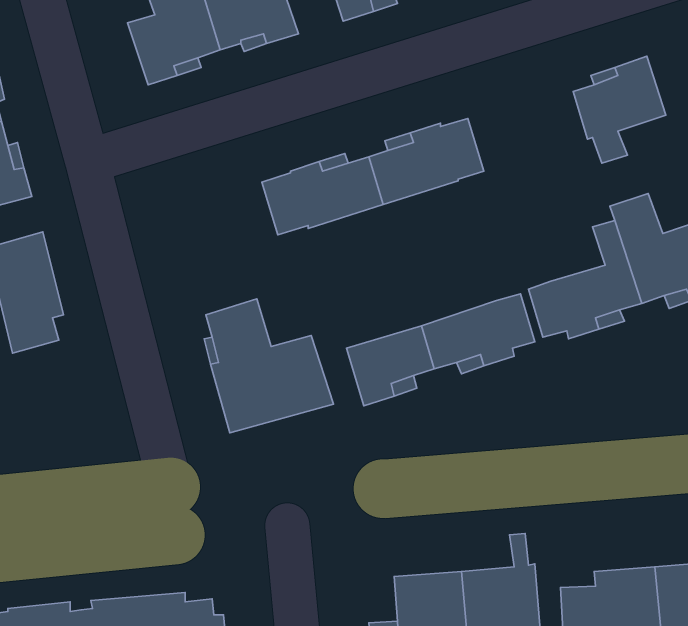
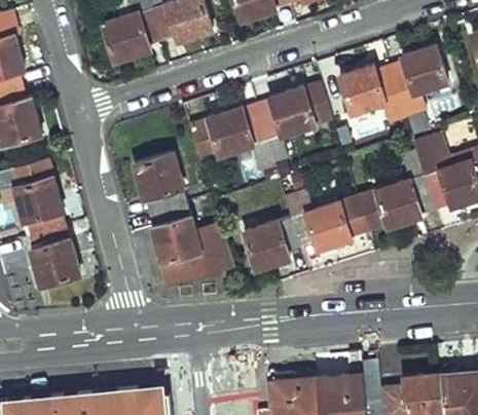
building: none -> [339,66,399,114]
building: none -> [134,153,186,212]
building: none -> [29,228,79,287]

